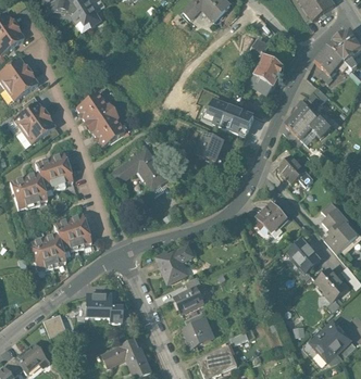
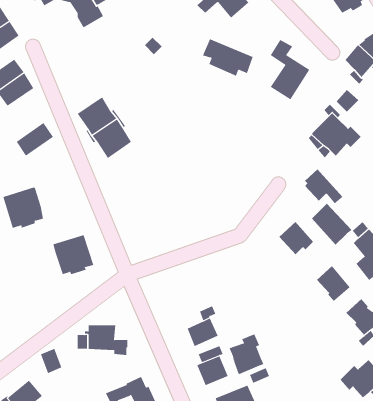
building: [208,97,253,130] -> [202,39,254,76]
building: [14,100,48,130] -> none
building: [196,130,225,160] -> none
building: [112,147,169,188] -> none
building: [37,152,74,189] -> none
building: none -> [311,203,352,246]
building: [29,229,66,268] -> none
building: [157,247,192,281] -> none
building: none -> [229,333,264,375]

